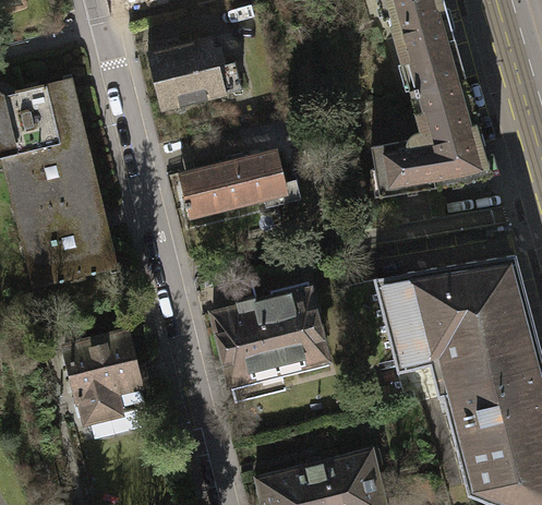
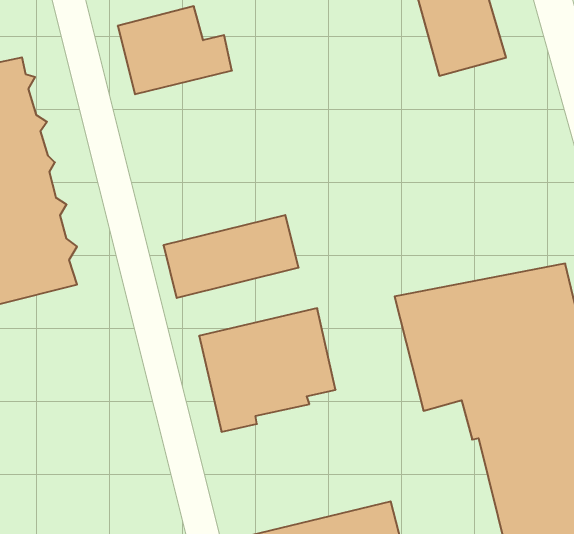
building: [372,81,499,197] -> none
building: [174,148,287,217] -> [163,215,299,298]
building: [67,334,150,426] -> none

